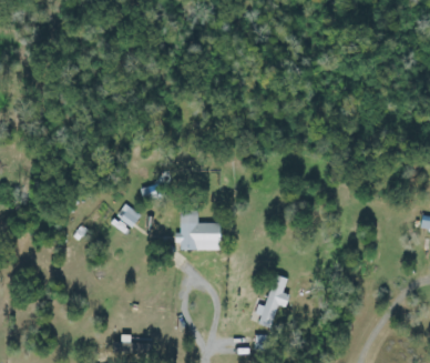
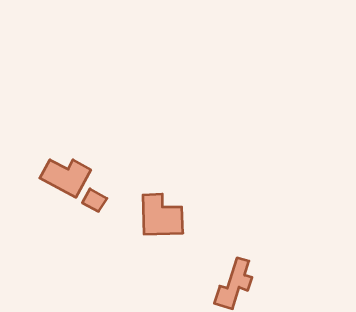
building: none -> [40,160,91,197]

